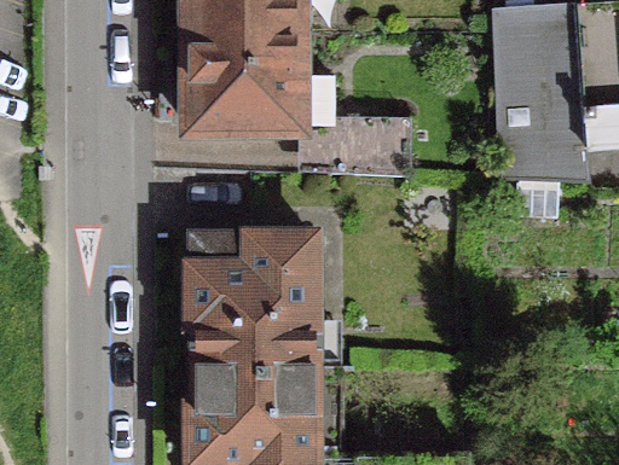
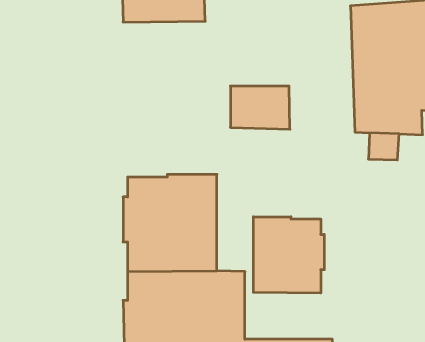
building: [186,30,331,129] -> none
building: none -> [253,217,324,293]

